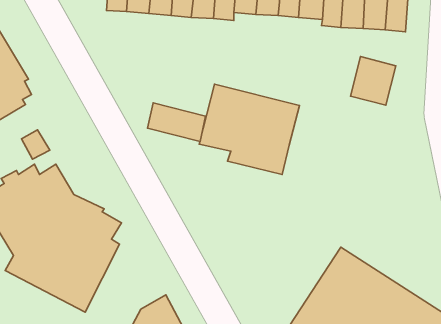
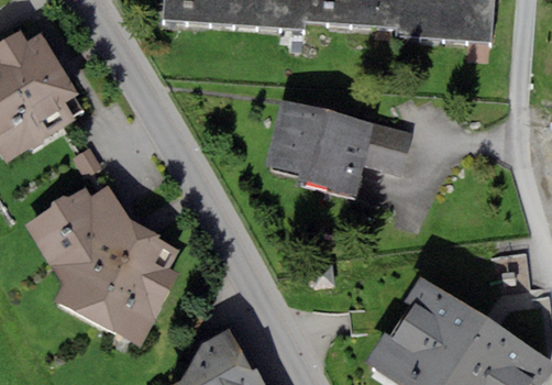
building: [350,57,396,105] -> [363,122,412,175]
building: [148,103,206,141] -> none

